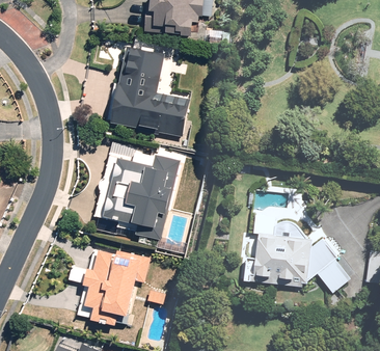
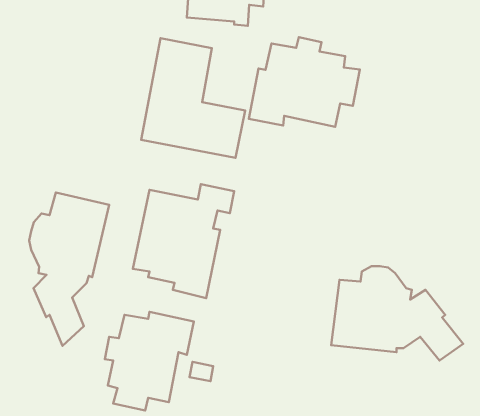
building: none -> [249,37,360,127]
building: none -> [29,192,109,346]

